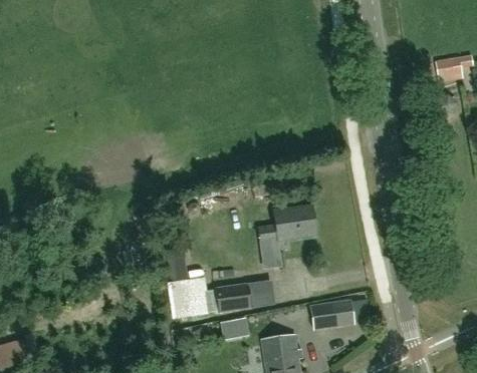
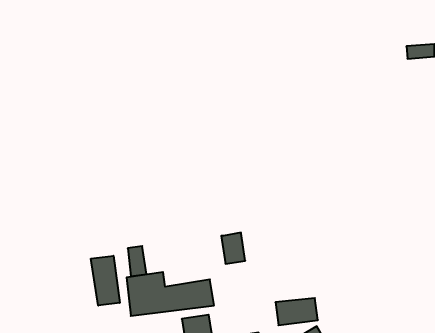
building: [259,206,315,241] -> none
building: none -> [91,256,120,306]
building: [248,280,275,308] -> none

